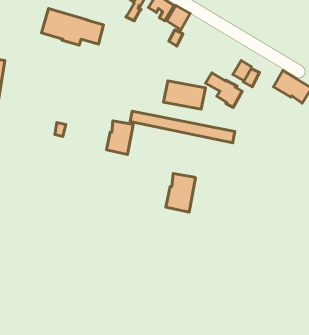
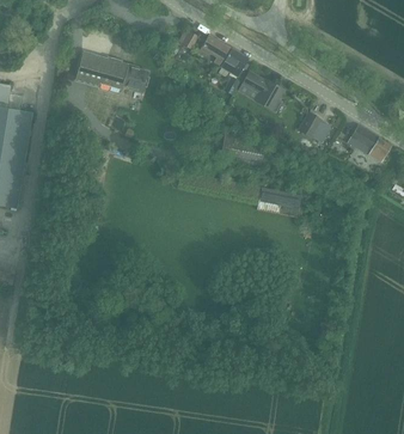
building: [206,73,242,107] -> [240,69,283,110]
building: [107,121,133,155] -> none
building: [166,174,196,212] -> none

